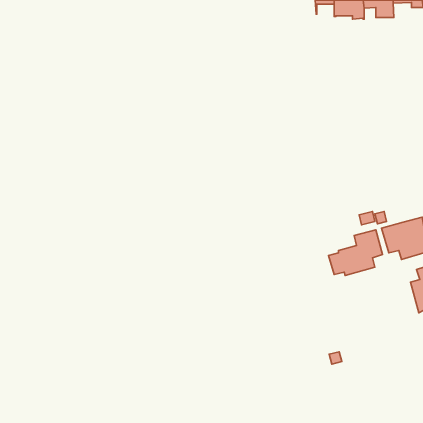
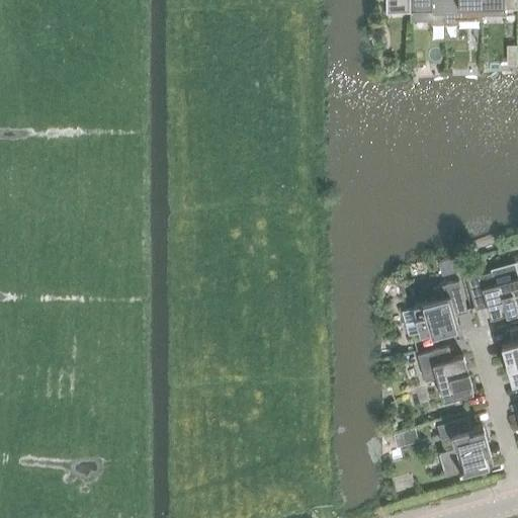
building: none -> [418,347,473,401]
building: none -> [437,417,493,476]

